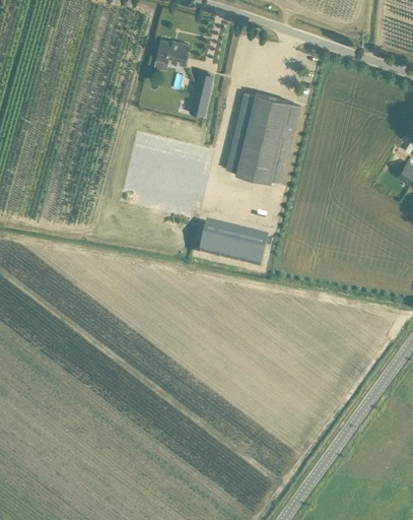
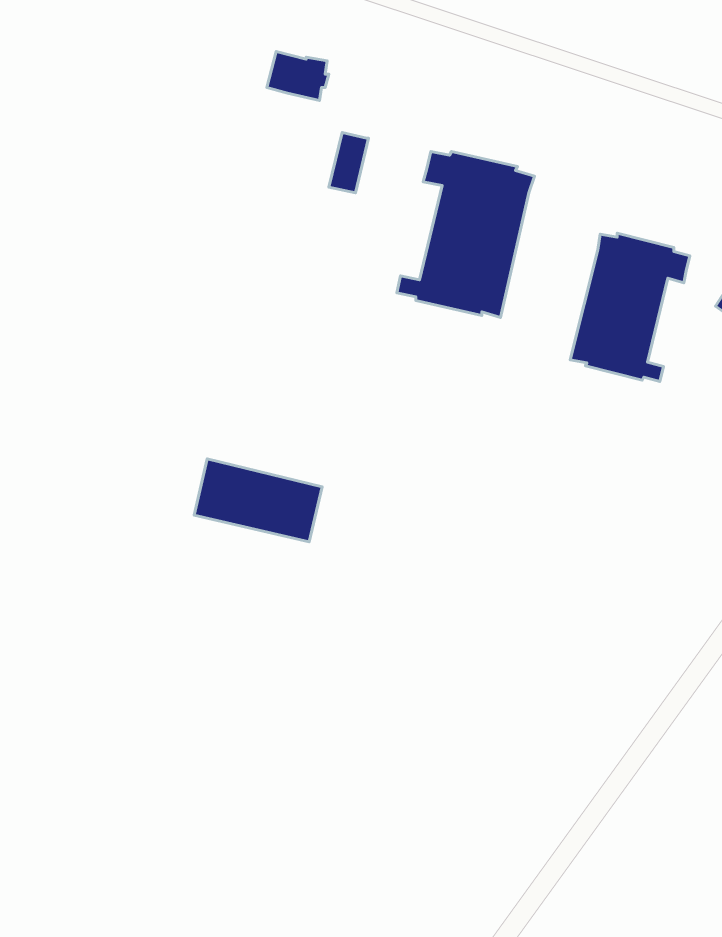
building: none -> [570,233,690,382]
building: [200,220,269,265] -> [194,459,322,542]

